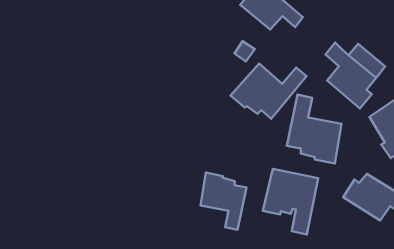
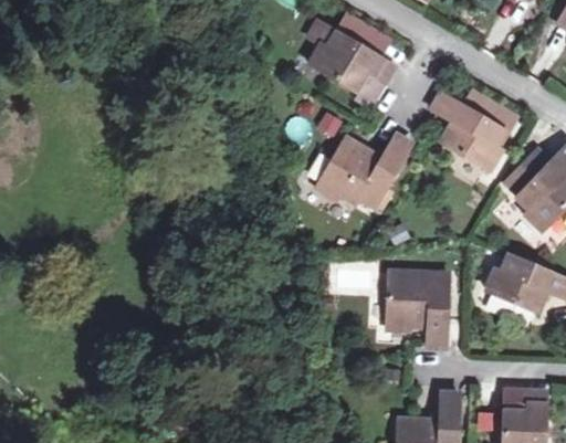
building: [287,95,342,164] -> none
building: [200,172,246,230] -> none

